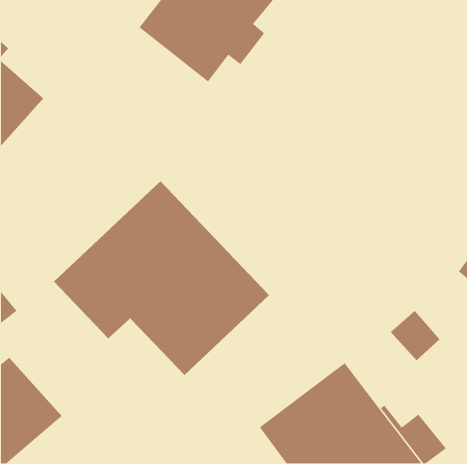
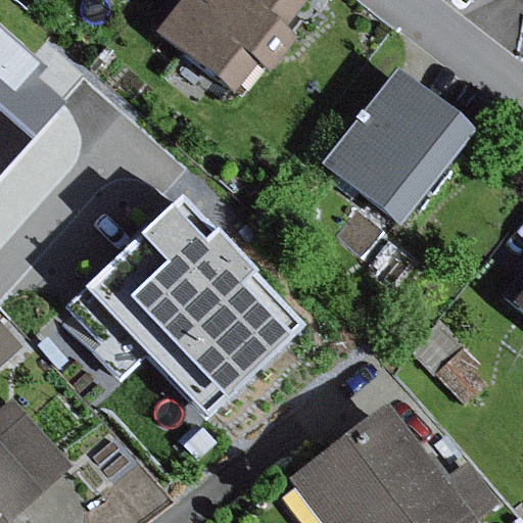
building: none -> [322,67,475,224]

